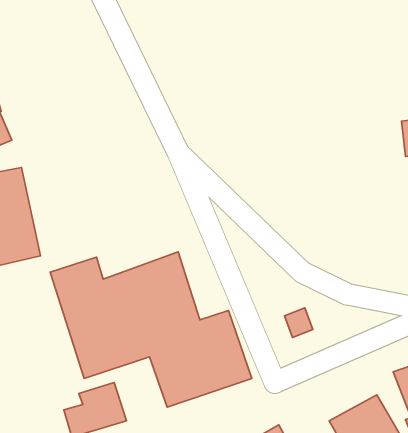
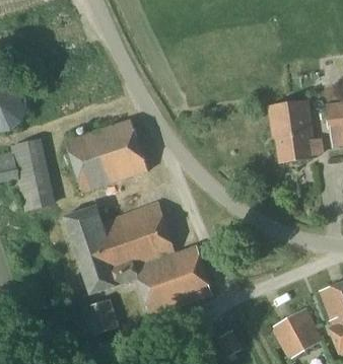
building: none -> [270,100,321,162]
building: none -> [65,118,148,193]

